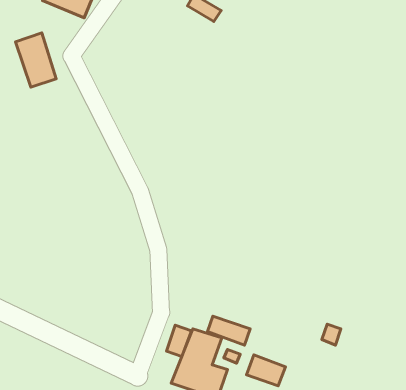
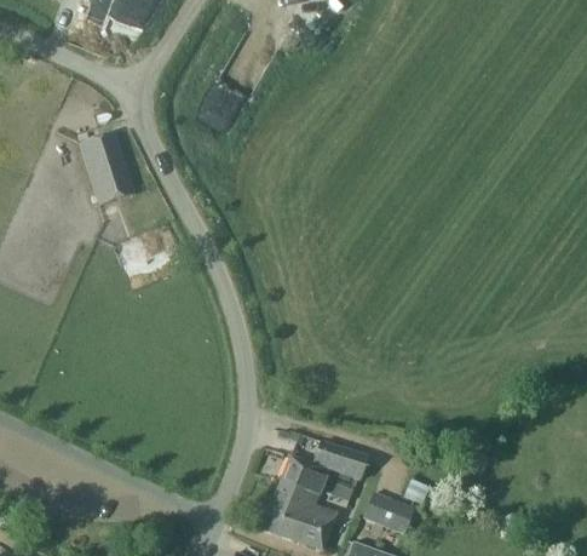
building: [15,33,56,87] -> [80,131,134,204]
building: [166,325,191,356] -> none

